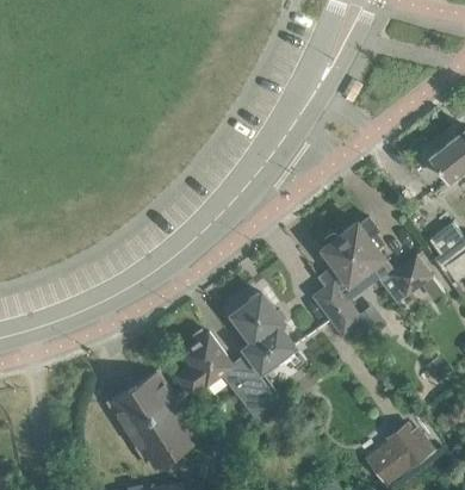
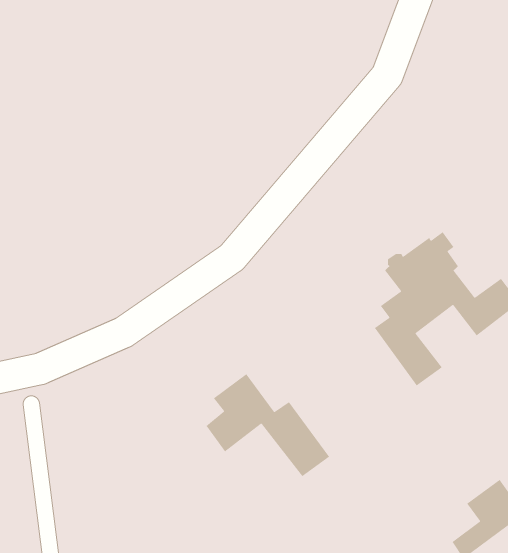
building: [231,293,293,371] -> none
building: [107,371,198,469] -> none

